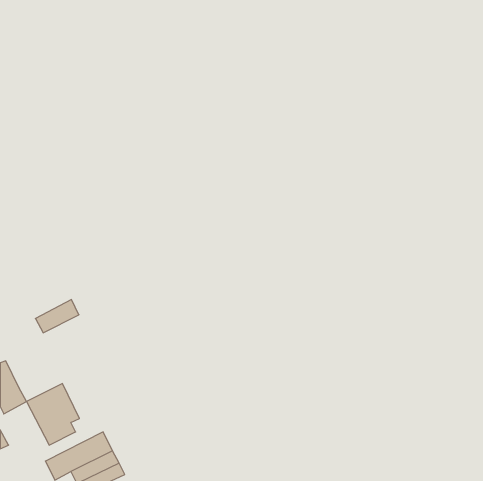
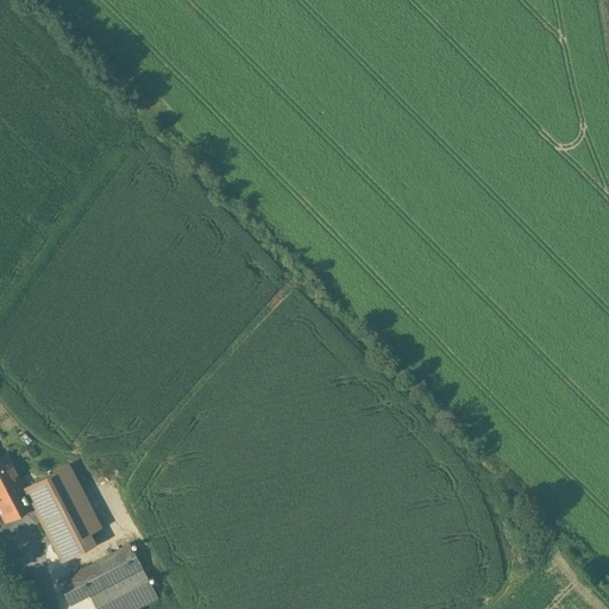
building: [35,300,79,333] -> [24,466,79,508]

